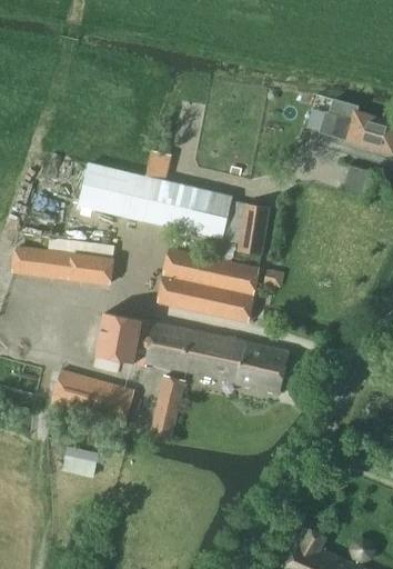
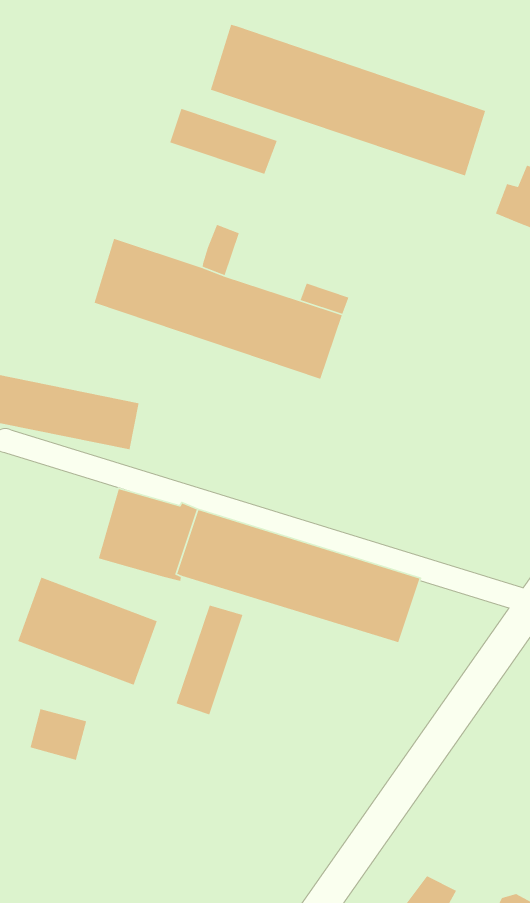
building: none -> [210,24,486,176]
building: none -> [169,108,278,175]
building: [236,203,265,256] -> none
building: [159,248,259,322] -> none

